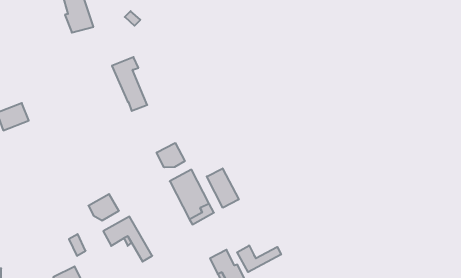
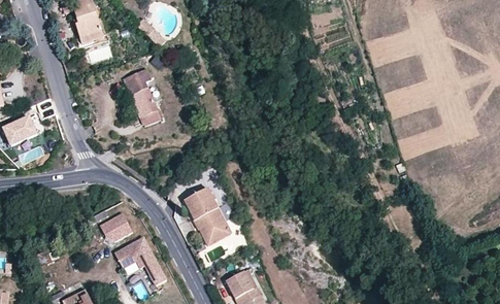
building: [157,143,185,167] -> none
building: [207,168,239,208] -> none
building: [237,245,281,272] -> none

